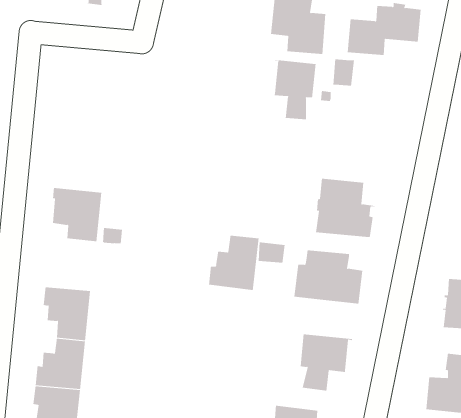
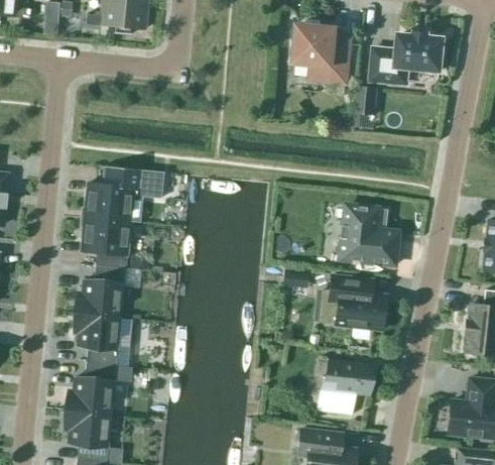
building: [274,59,316,120] -> none
building: none -> [82,168,166,220]
building: [209,235,259,291] -> none
building: none -> [74,265,125,317]

